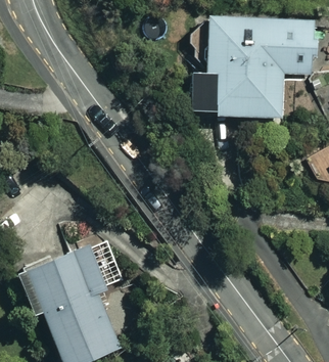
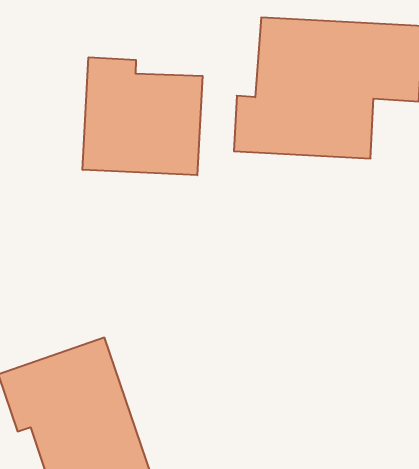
building: none -> [83,57,203,175]

